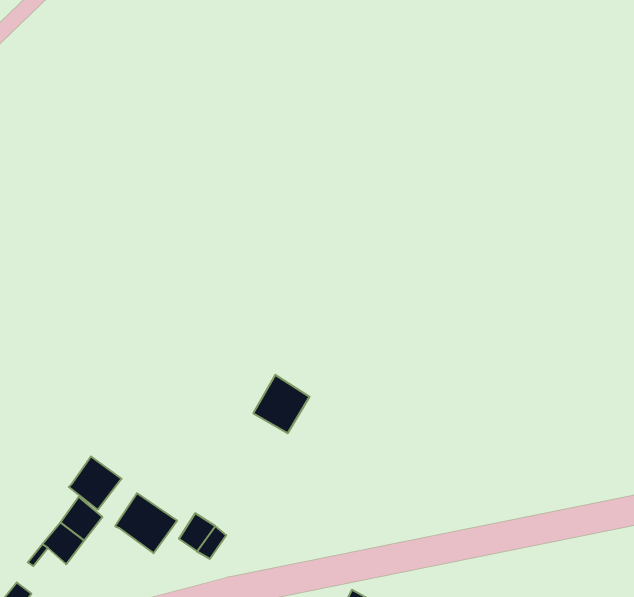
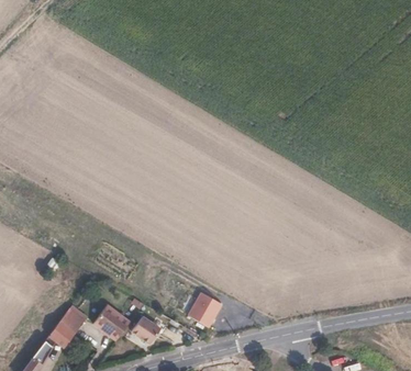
building: [253,375,310,433] -> [187,290,221,325]
building: [69,456,122,510] -> none

